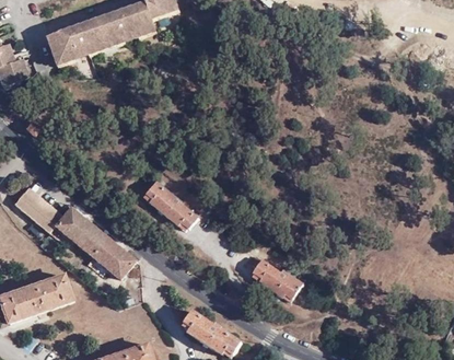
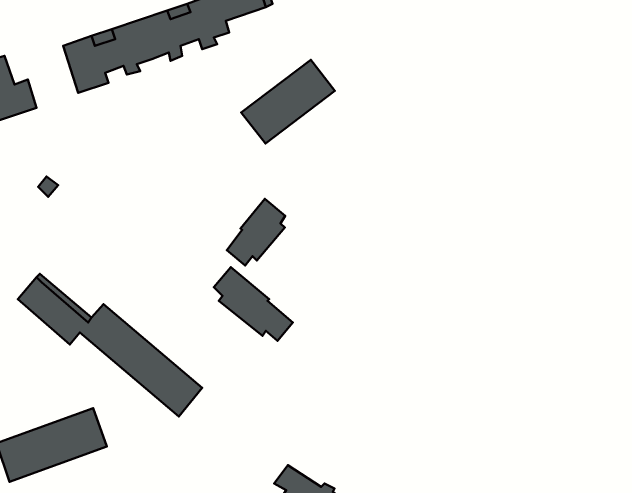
building: none -> [241,60,335,144]
building: none -> [227,199,285,265]
building: [251,259,300,299] -> none

